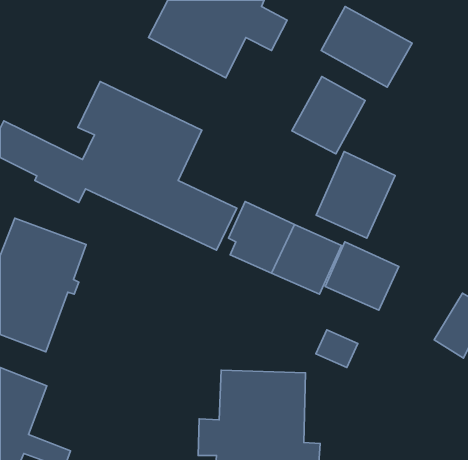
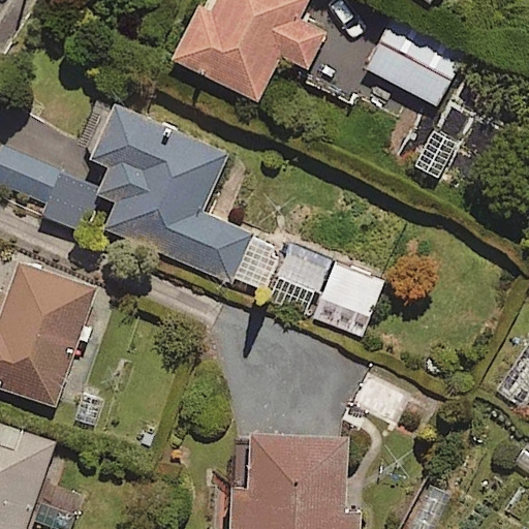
building: [292,77,365,154] -> none
building: [316,152,395,238] -> none
building: [325,242,399,310] -> none

